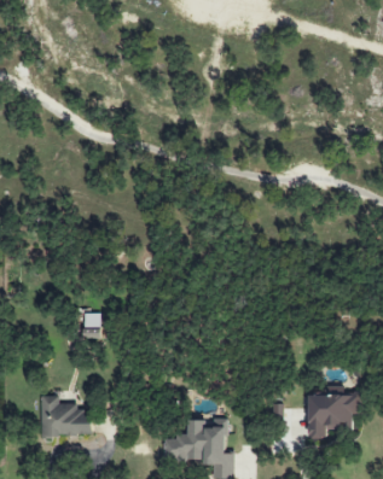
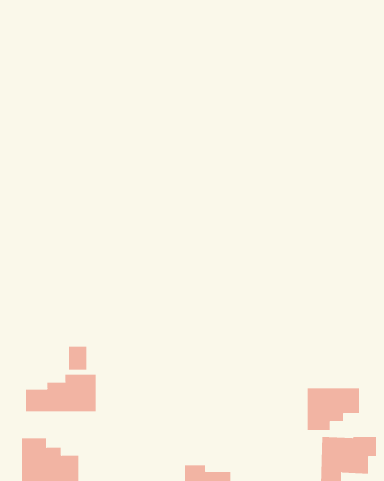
building: none -> [26,374,96,412]
building: none -> [307,387,359,431]

